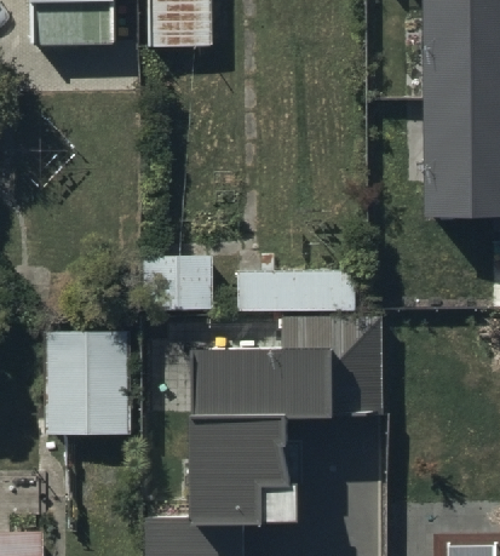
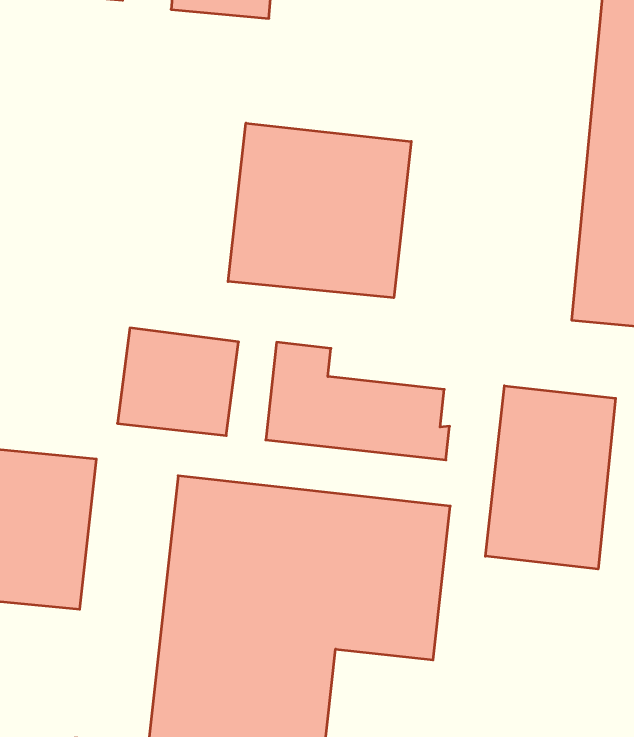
building: none -> [228,123,411,298]
building: none -> [485,386,616,569]

